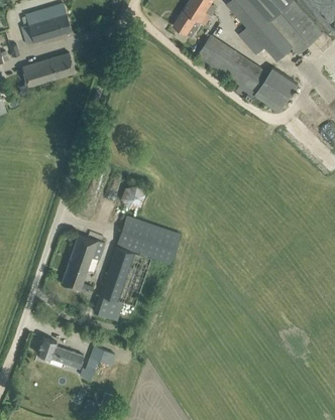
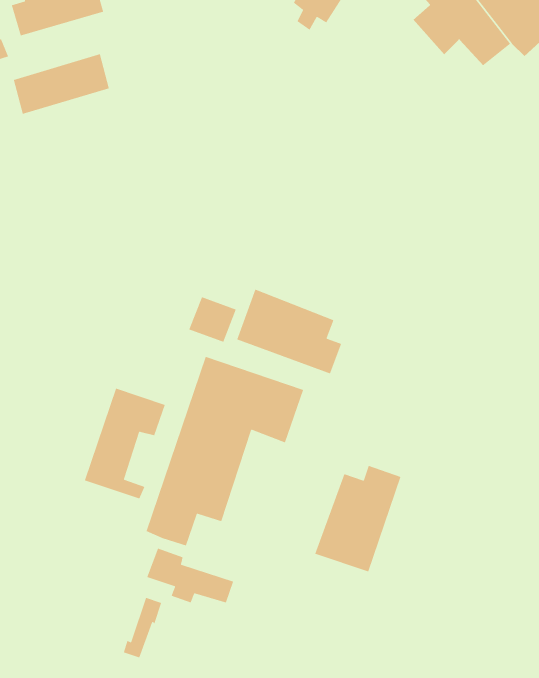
building: [198,35,298,110] -> none
building: none -> [236,289,342,375]
building: none -> [314,465,401,572]
building: [36,337,84,368] -> [146,548,234,604]

